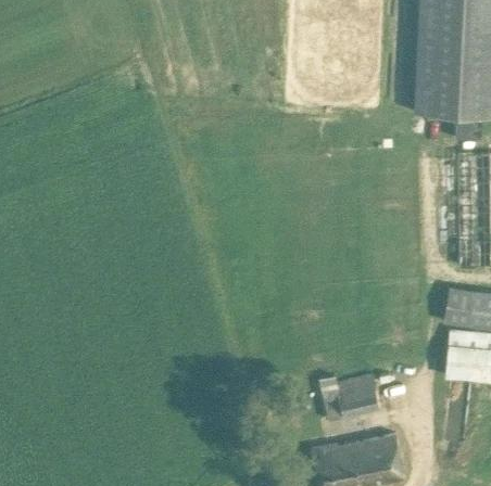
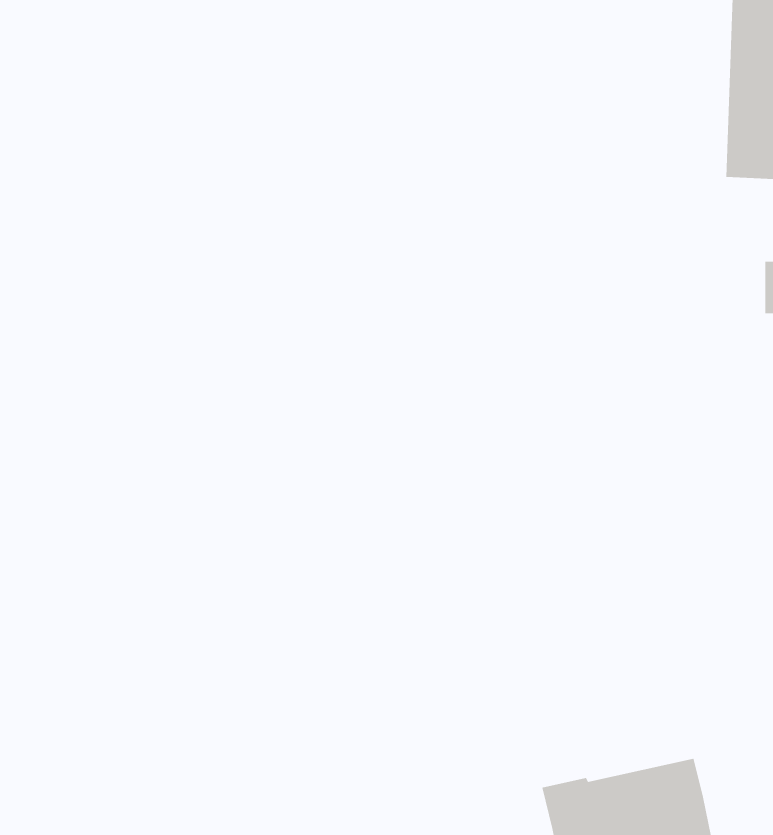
building: [320,372,380,419] -> none

